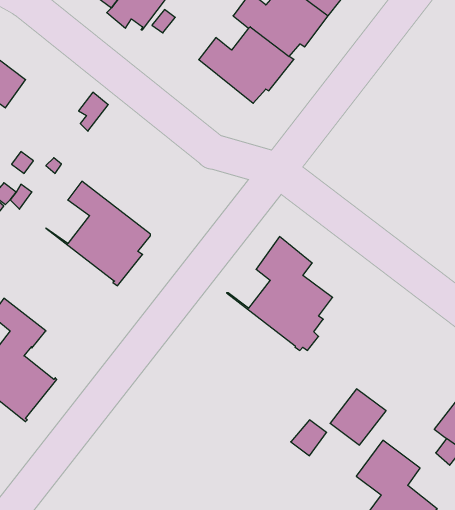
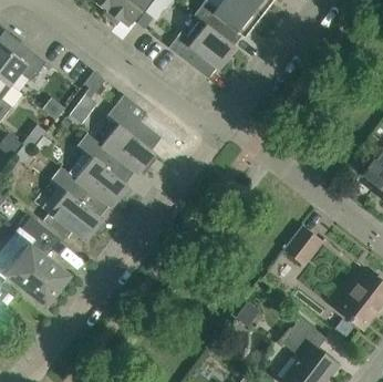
building: none -> [42,166,108,241]
building: [227,237,333,350] -> [85,93,161,174]
building: [330,389,386,445] -> [282,225,322,265]

